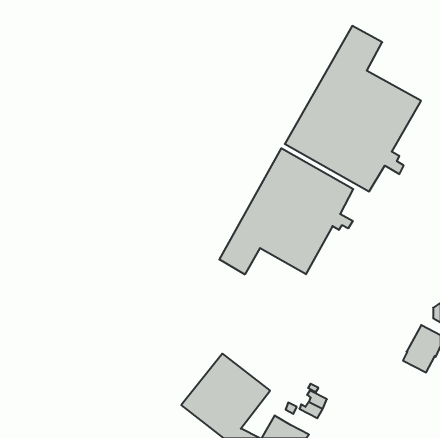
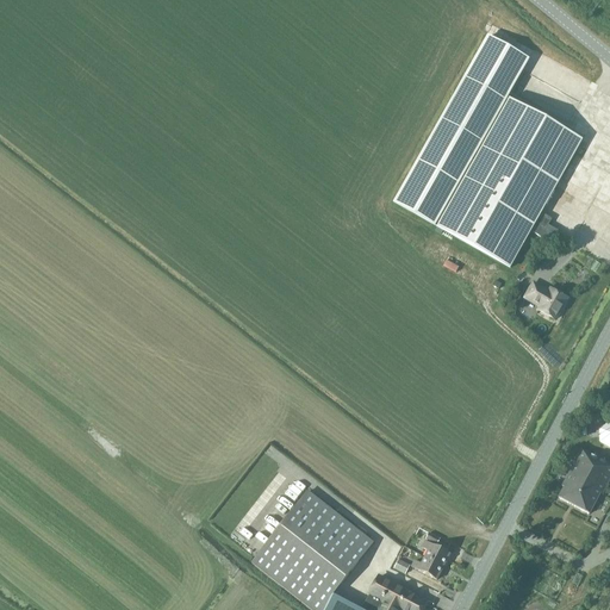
building: [219,148,353,274] -> none
building: none -> [528,282,568,318]

